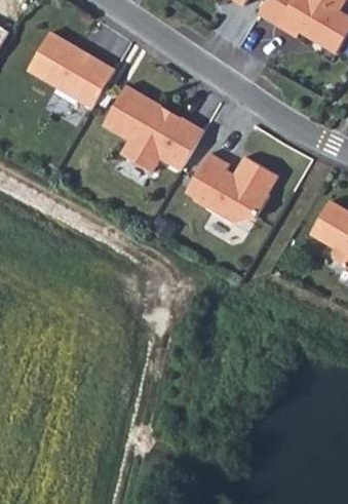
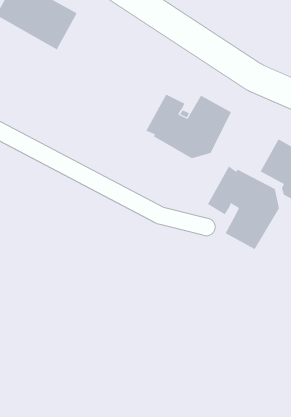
building: [103,85,204,172] -> none
building: none -> [207,166,280,250]

